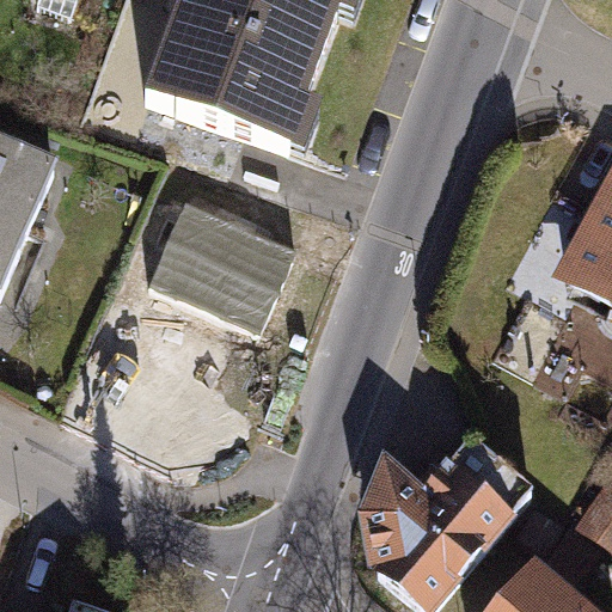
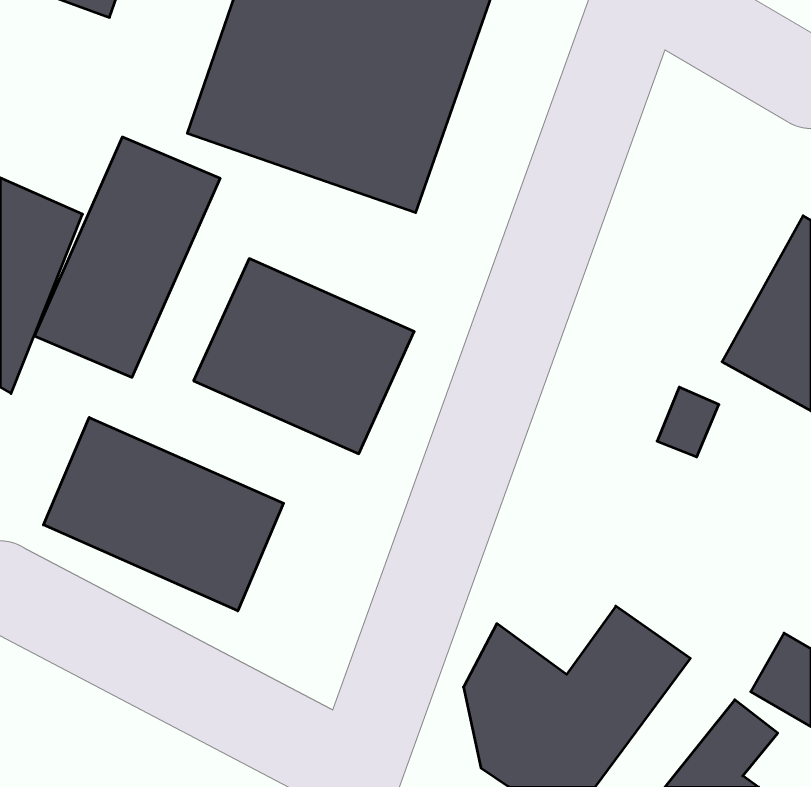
building: none -> [34,137,220,377]
building: none -> [43,417,284,611]

